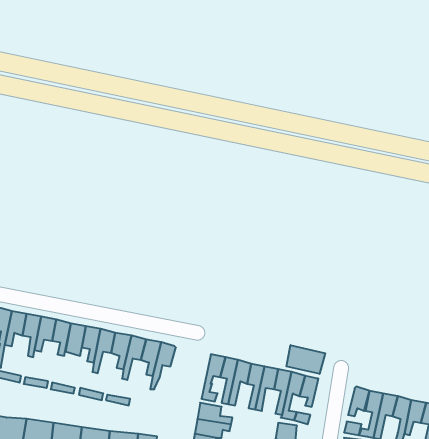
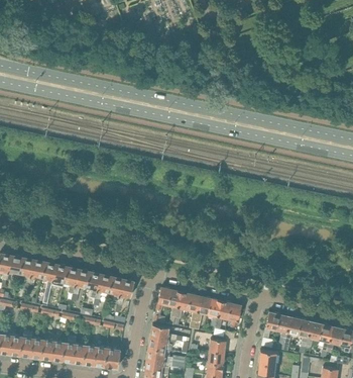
building: [286,345,325,374] -> none

